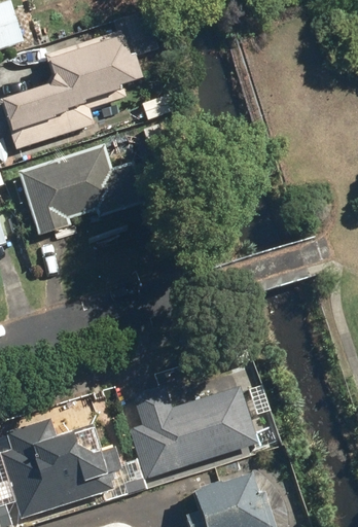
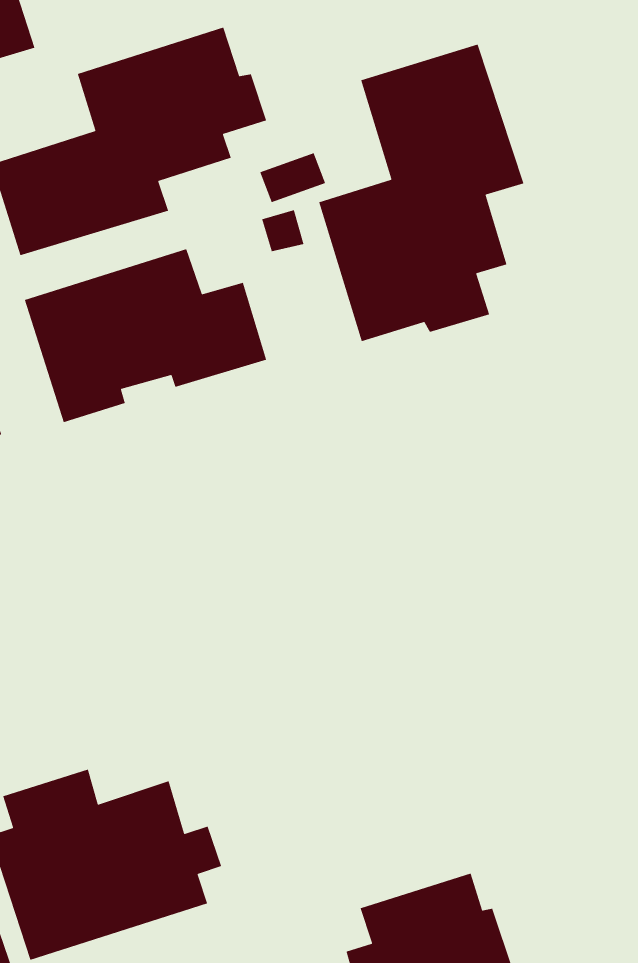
building: none -> [318,43,525,342]
building: [120,379,257,494] -> none

